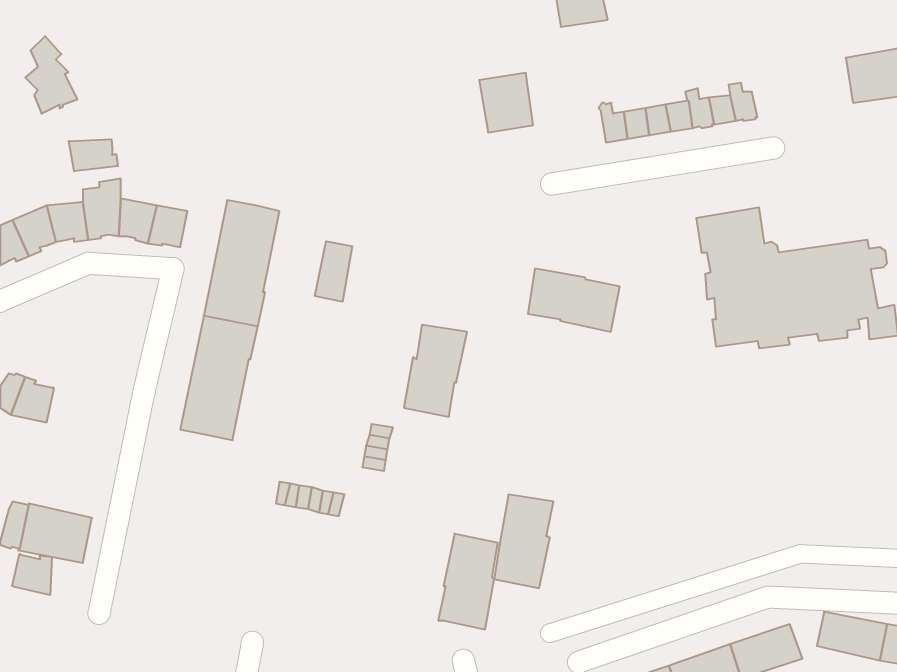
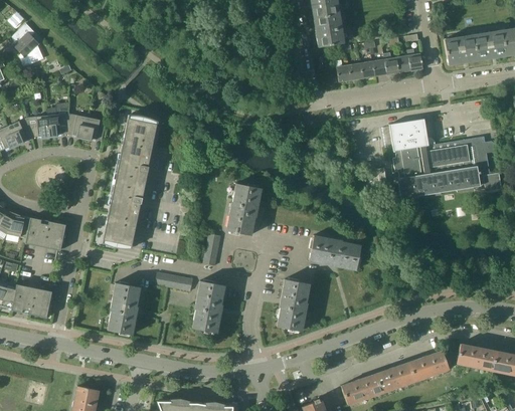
building: none -> [444,35,477,65]
building: [479,73,533,132] -> [314,14,344,47]
building: [69,139,118,171] -> none
building: [315,241,352,302] -> none
building: [528,269,620,332] -> [310,235,361,270]
building: none -> [25,217,66,250]
building: none -> [108,281,141,334]
building: [438,534,498,629] -> [191,279,224,333]
building: [12,554,52,595] -> none

